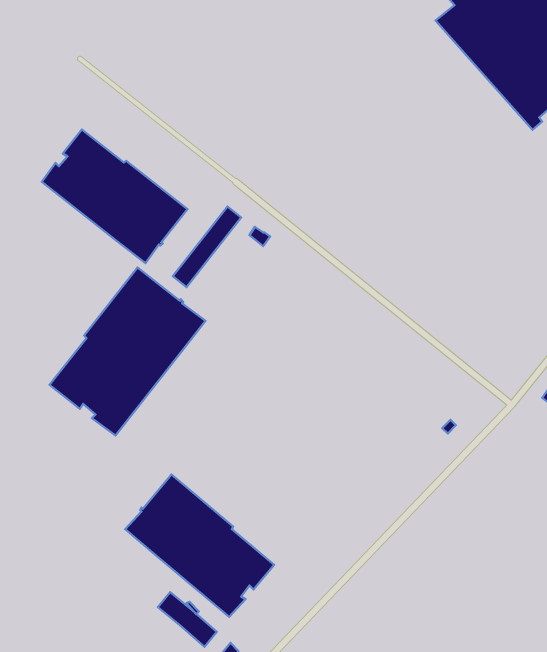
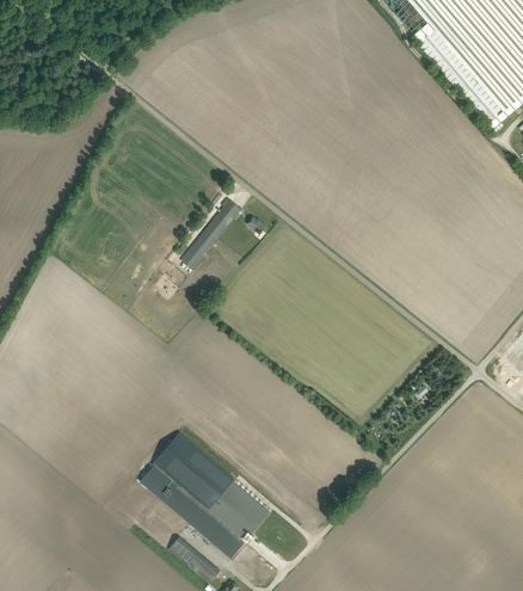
building: [42,129,188,263] -> none
building: [50,267,206,435] -> none

